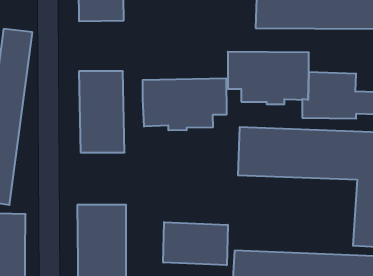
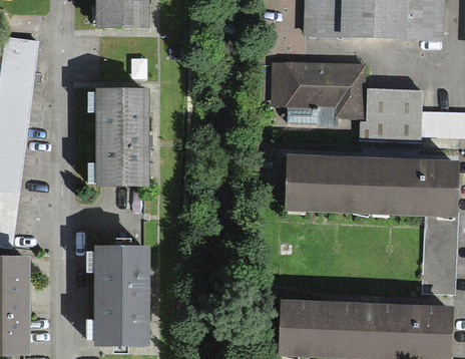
building: [143,78,226,130] -> none
building: [163,222,228,265] -> none

